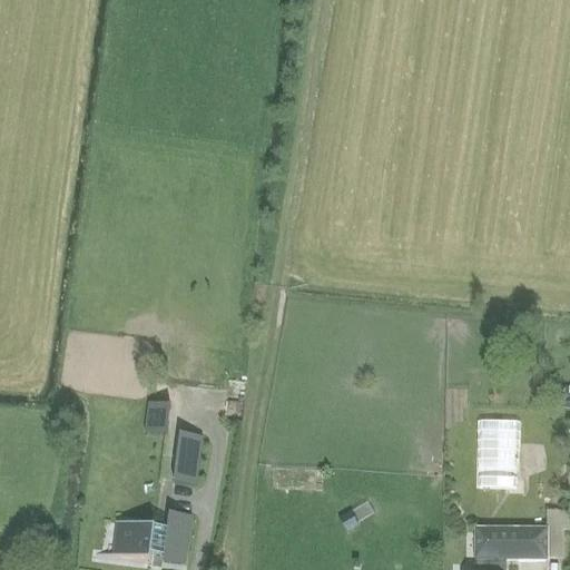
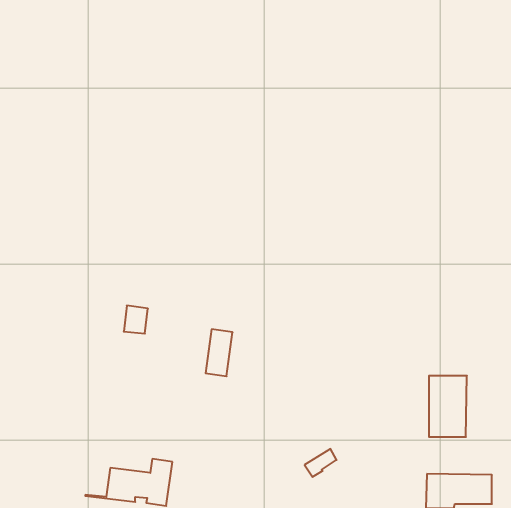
building: [144,400,170,431] -> [124,306,148,334]
building: [173,431,203,483] -> [206,329,233,376]

